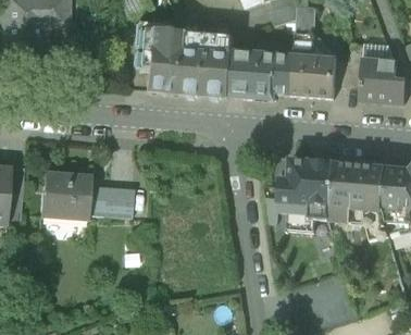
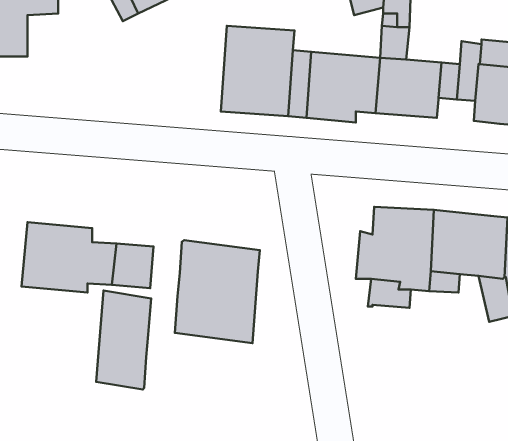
building: [138,28,186,92] -> none
building: none -> [175,240,260,343]
building: none -> [96,291,151,389]

